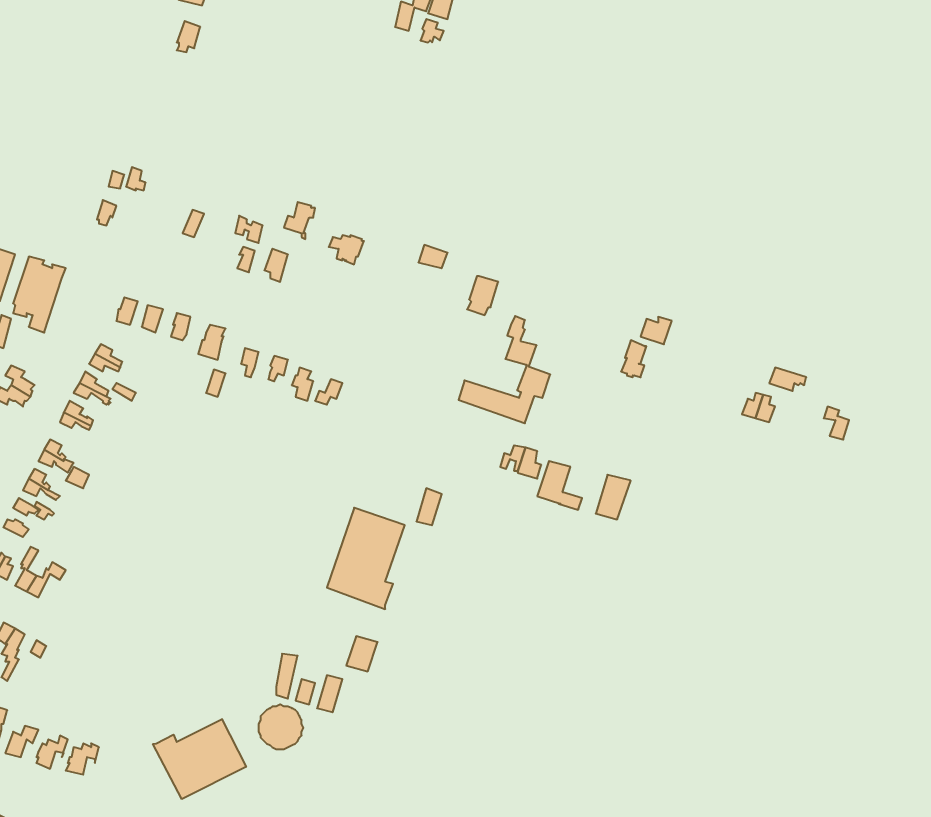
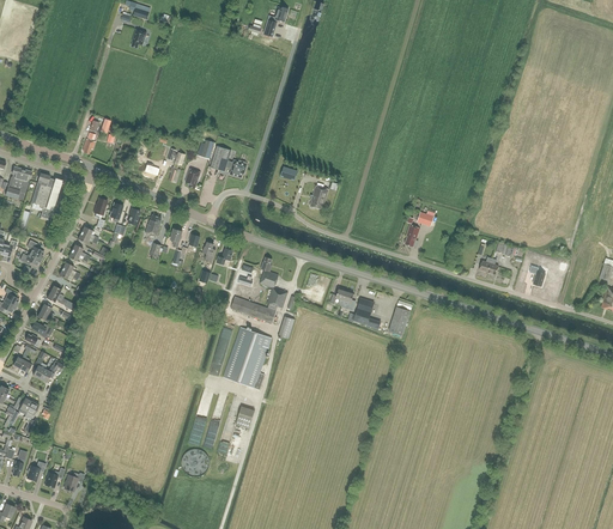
building: [459,316,550,423] -> [230,256,286,322]
building: [153,719,246,799] -> none

